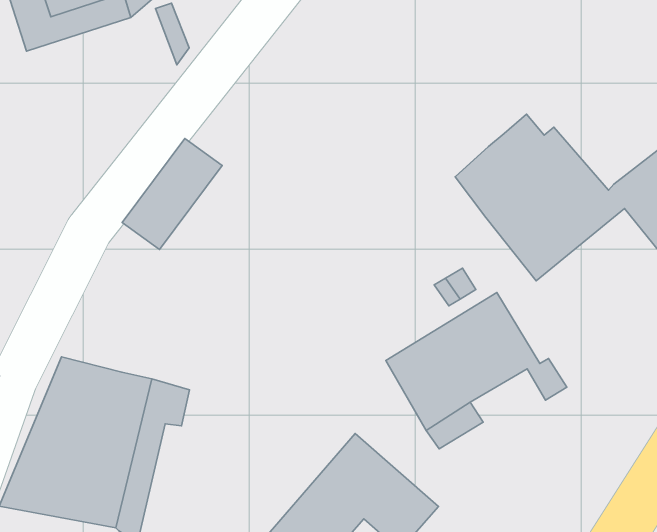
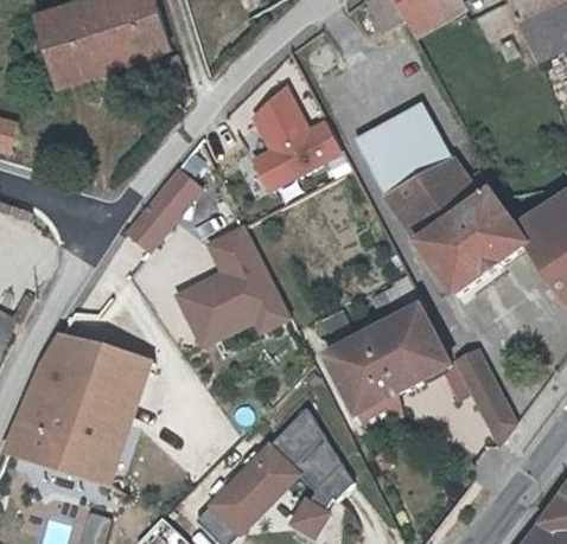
building: none -> [247,88,344,193]
building: none -> [356,103,451,209]
building: none -> [174,220,289,350]
building: none -> [455,346,517,441]

